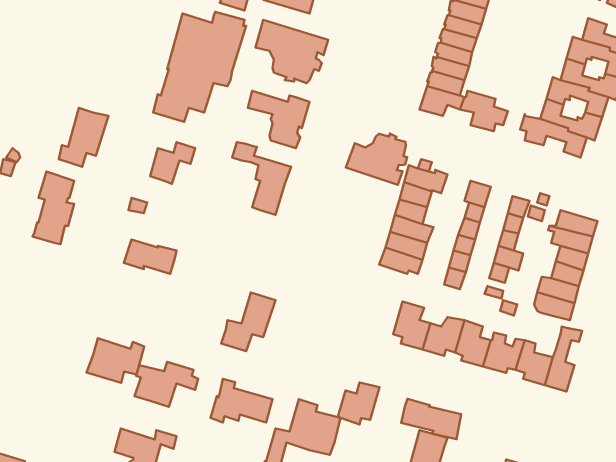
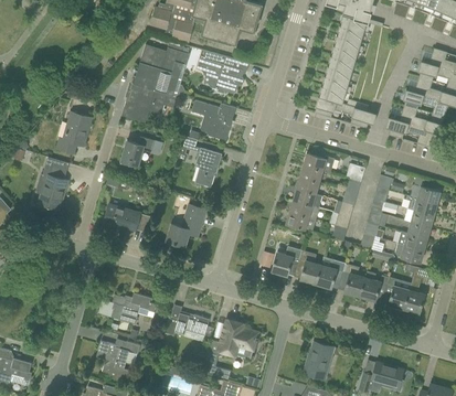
building: [346,133,407,185] -> none
building: [221,292,275,351] -> [167,204,205,246]
building: [86,338,144,383] -> none
building: [338,383,380,424] -> [272,246,301,276]
building: [401,399,461,439] -> none

